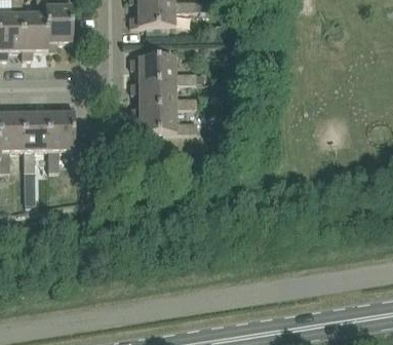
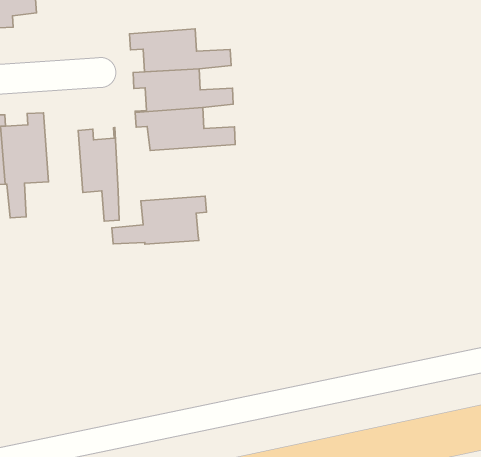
building: none -> [78,128,119,221]
building: none -> [112,196,207,244]

